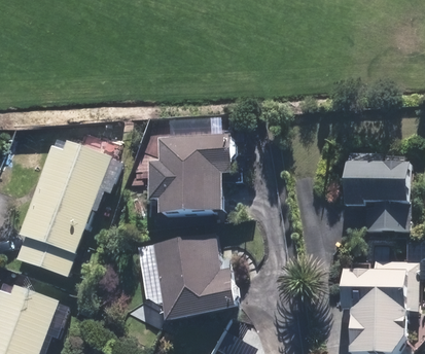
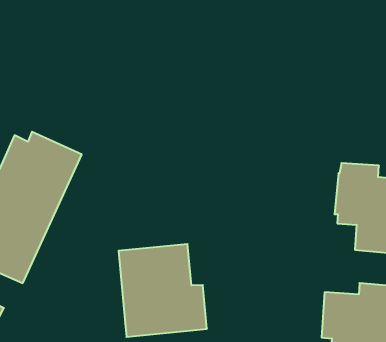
building: [147,135,236,215] -> none

